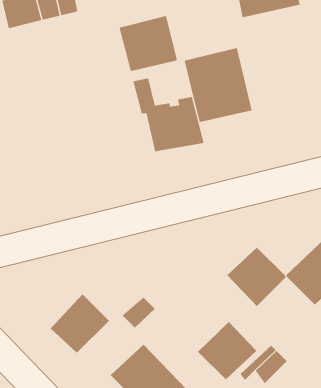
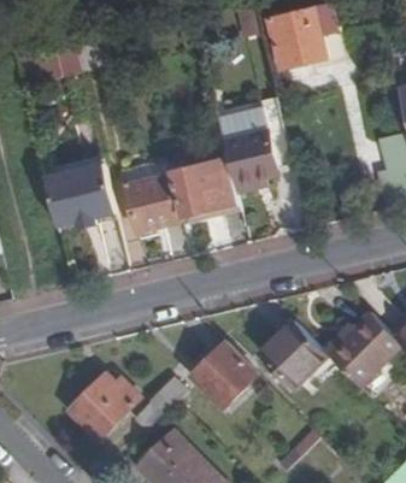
building: [119,15,178,72] -> none
building: none -> [43,163,114,229]
building: none -> [123,176,178,230]
building: [197,321,257,380] -> [190,343,257,408]

